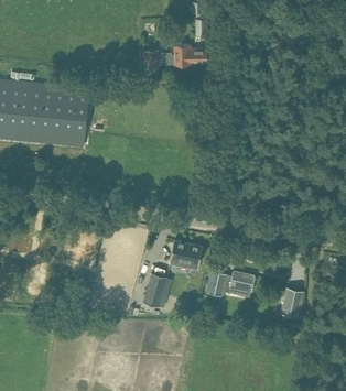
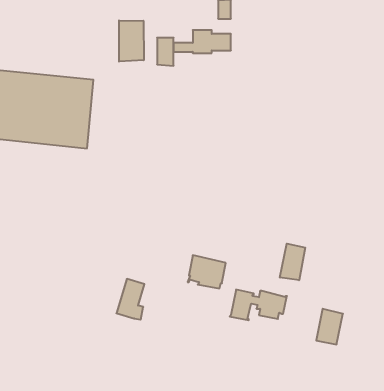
building: none -> [119,20,144,62]
building: none -> [280,244,305,280]
building: [142,272,166,307] -> [116,279,144,320]

